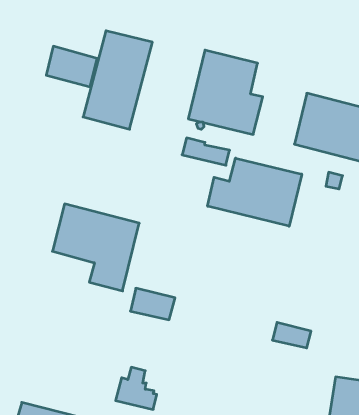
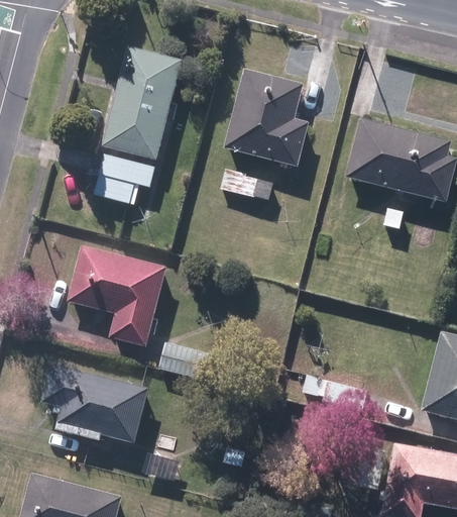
building: [46,46,97,87] -> [95,153,153,200]
building: [208,158,302,226] -> none
building: none -> [41,364,148,441]

